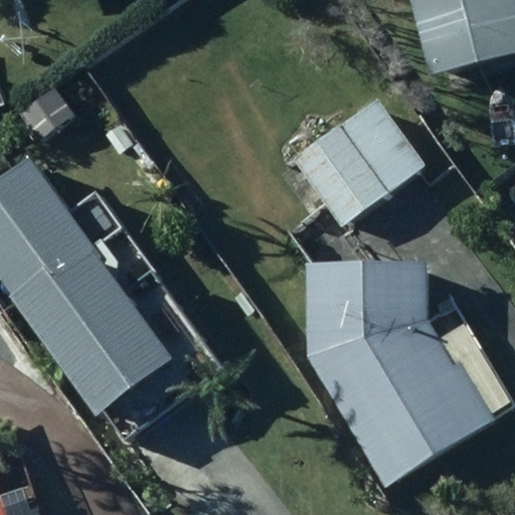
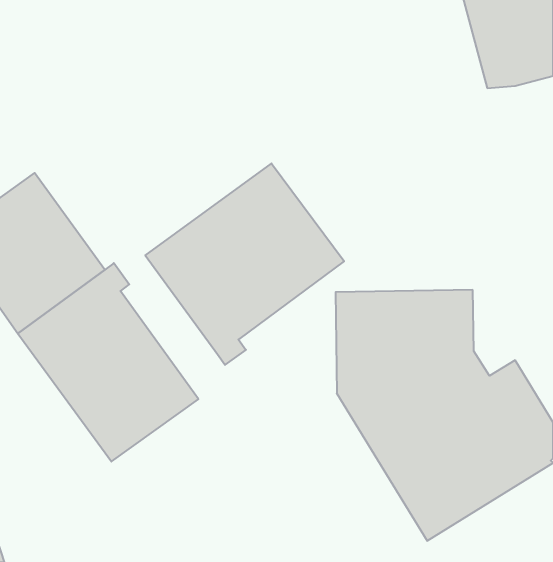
building: [290,98,421,223] -> none
building: none -> [145,163,344,365]

